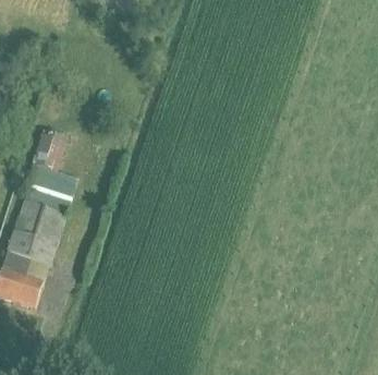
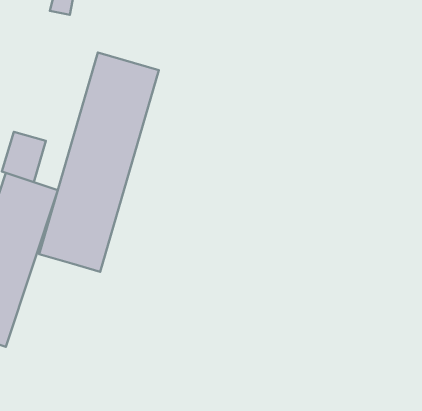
building: none -> [39,53,159,272]

